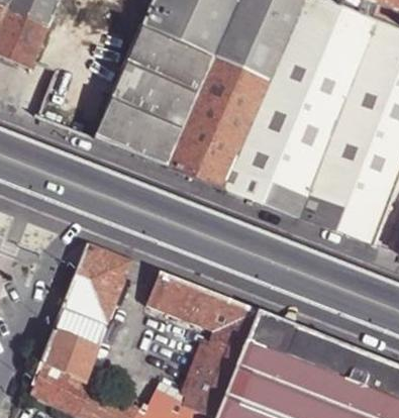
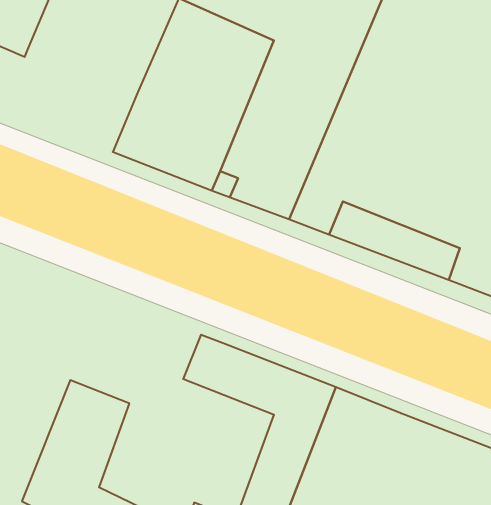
building: [64,244,131,323] -> none

